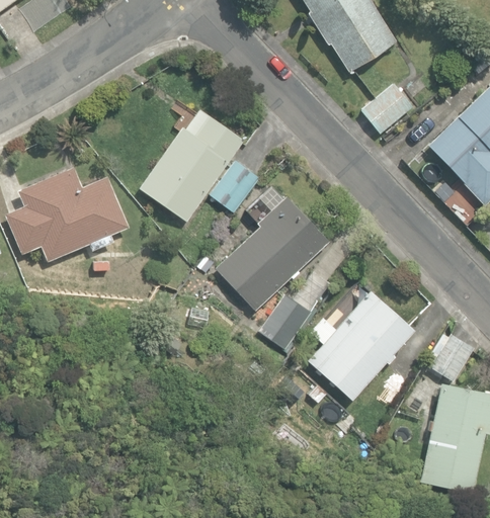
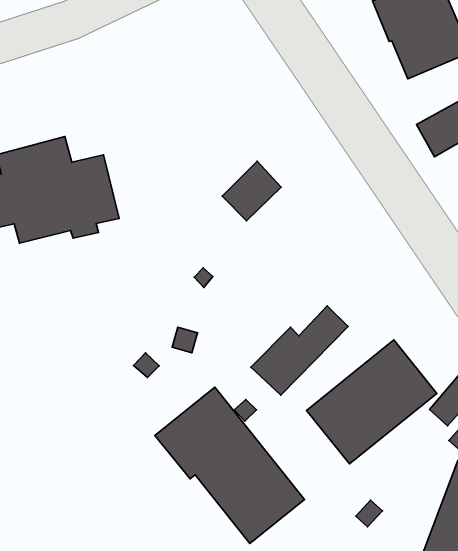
building: [140,109,243,220] -> none
building: [214,187,331,311] -> none
building: none -> [155,387,304,543]

